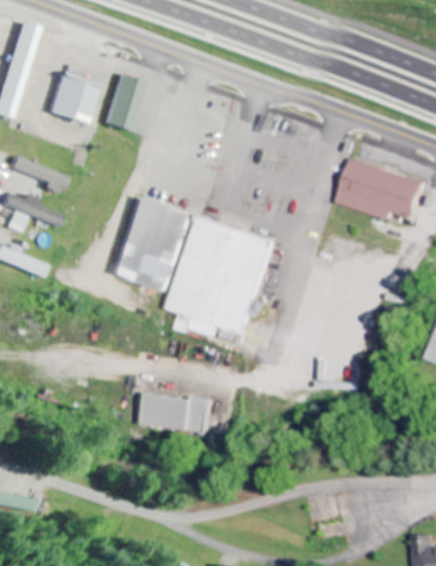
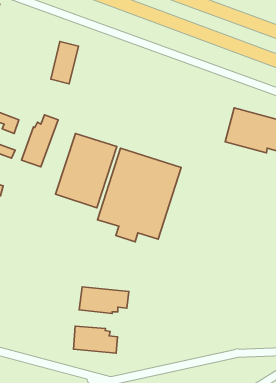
building: [49,74,98,124] -> none
building: none -> [21,115,58,167]
building: none -> [73,326,118,353]

